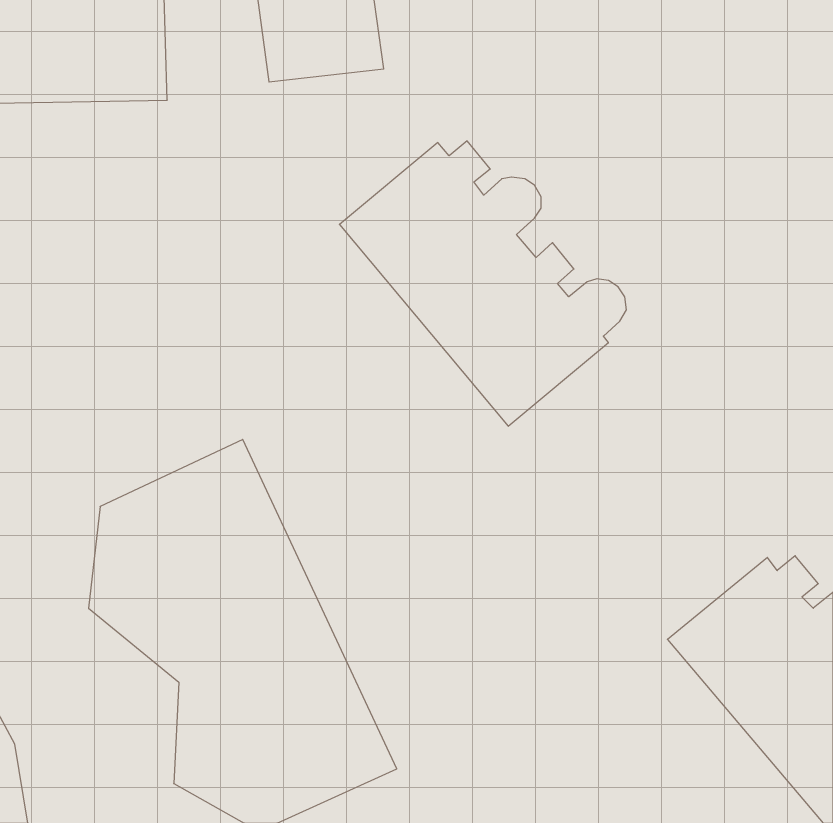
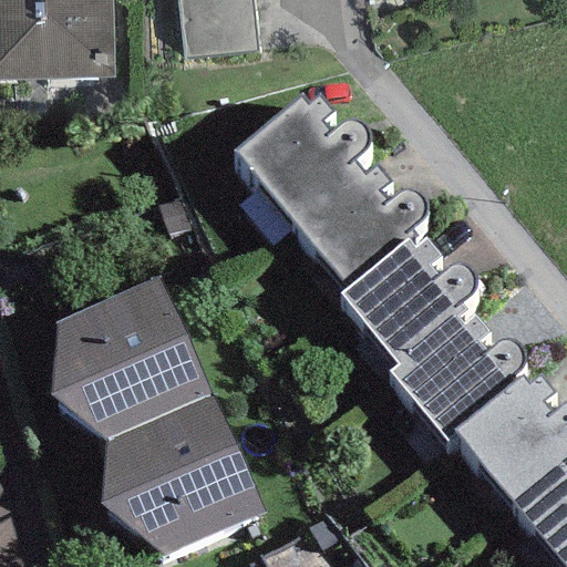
building: none -> [337,238,529,431]

